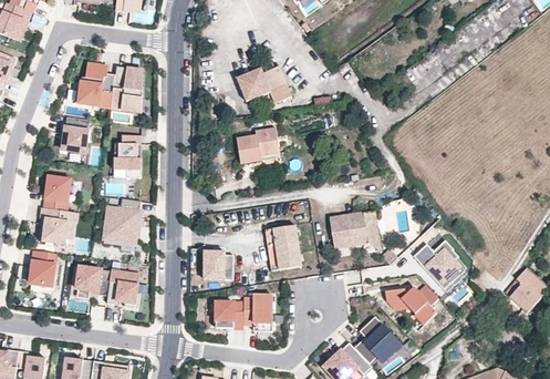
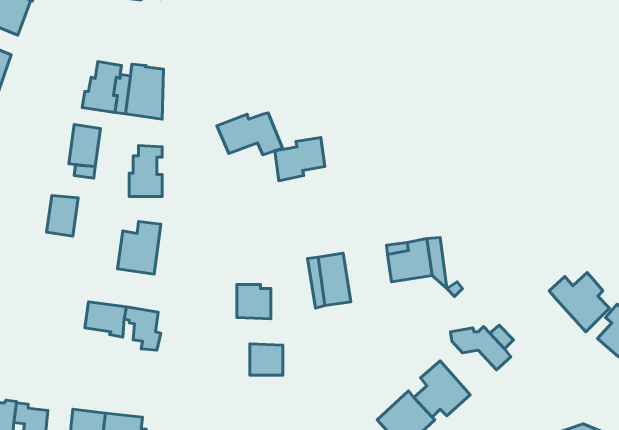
building: [235,66,290,102] -> [217,113,283,155]
building: [41,207,76,243] -> none
building: [412,240,463,290] -> [549,273,609,332]
building: [29,250,55,286] -> none
building: [242,295,271,331] -> none

